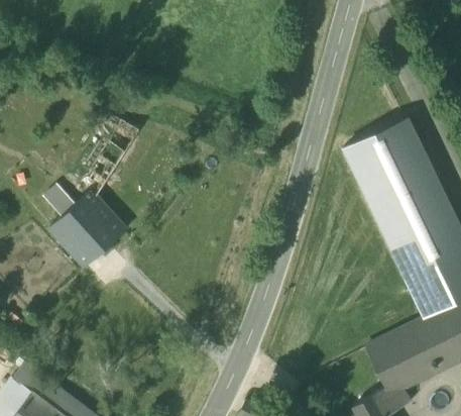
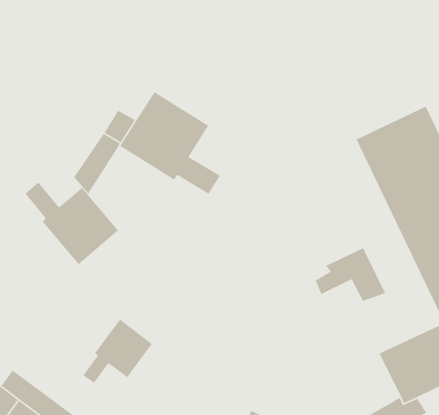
building: none -> [119,91,221,195]
building: none -> [315,247,386,302]
building: none -> [83,319,153,384]

